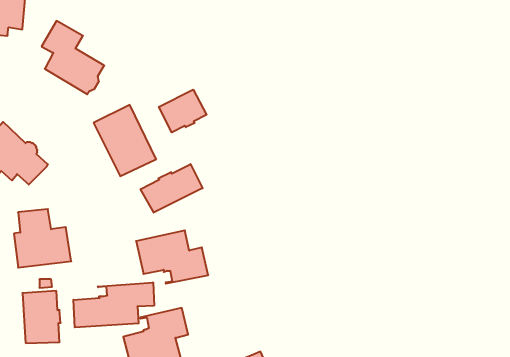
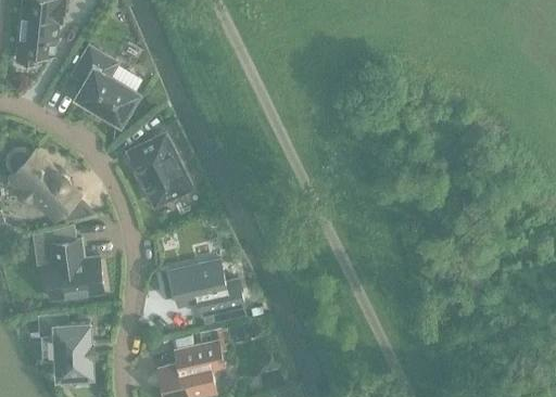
building: [159,90,207,132] -> none
building: [141,164,203,213] -> none
building: [73,282,154,327] -> none

